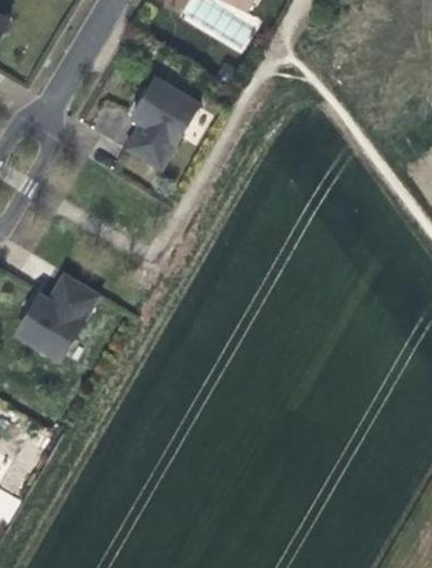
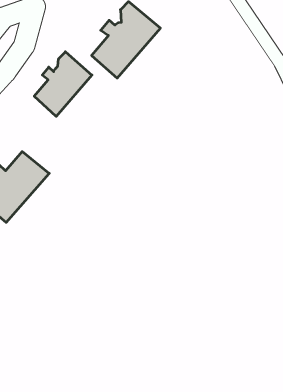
building: none -> [34,52,92,116]

